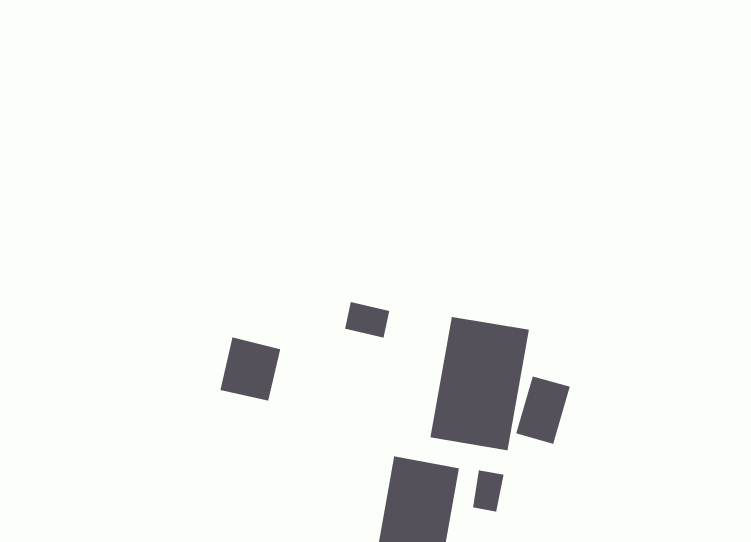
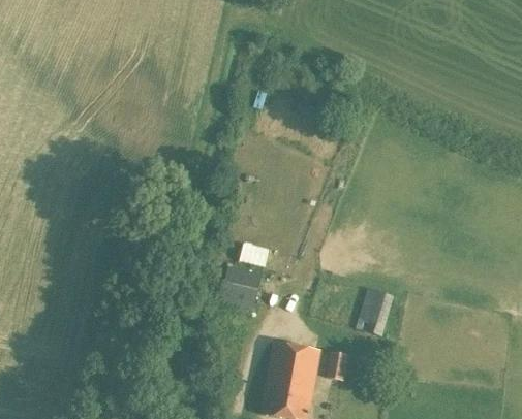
building: [430,316,530,451] -> none
building: [219,337,281,401] -> [220,265,262,309]

